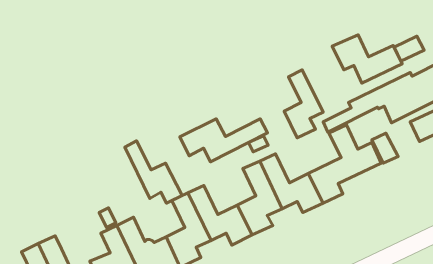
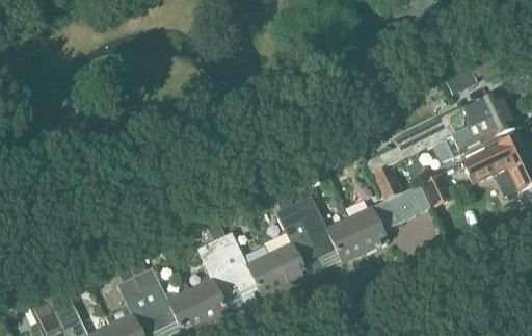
building: [332,35,402,83] -> none
building: [284,70,323,138] -> none
building: [180,119,268,162] -> none
building: [125,141,182,203] -> none

